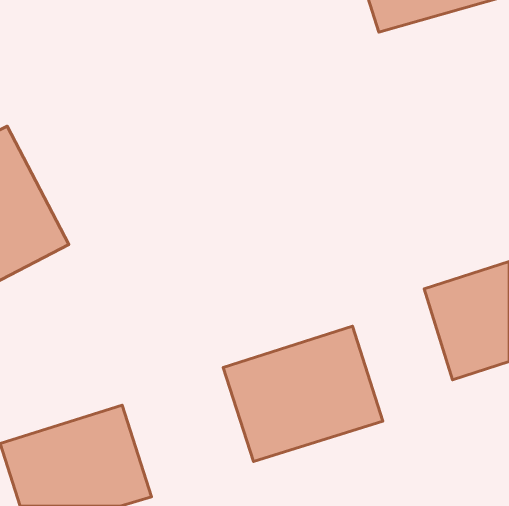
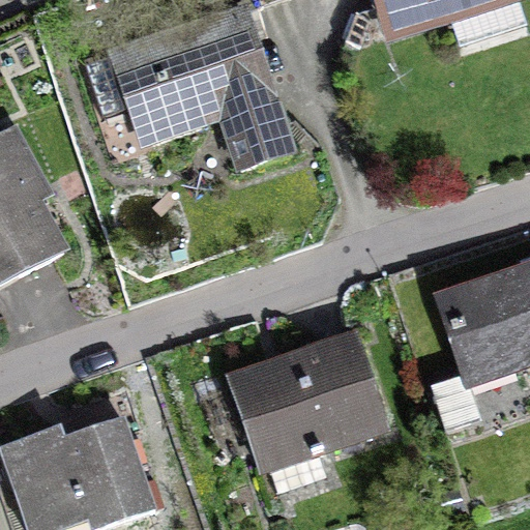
building: none -> [113,9,297,179]

